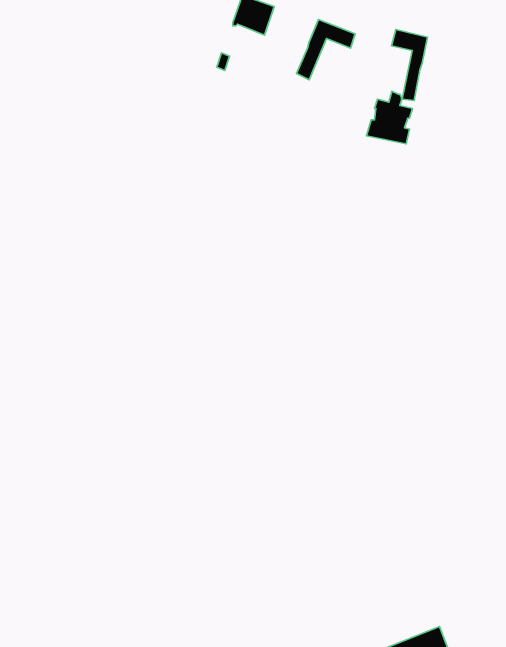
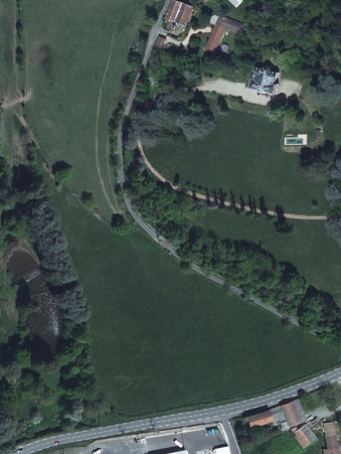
building: [391,30,428,100] -> none

